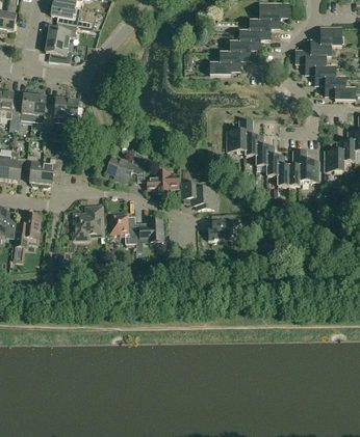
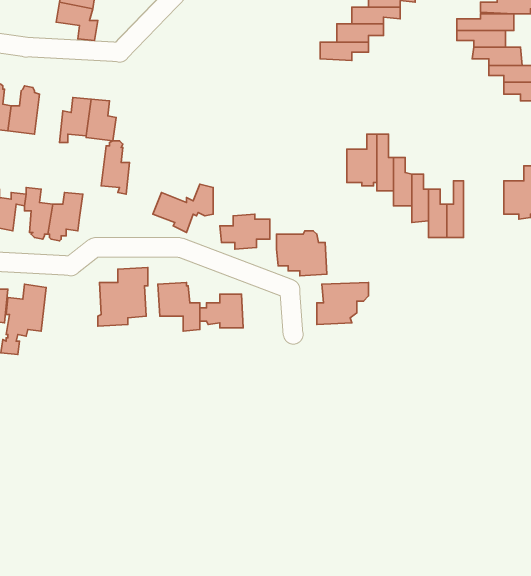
building: [32,92,50,126] -> [101,141,130,194]
building: [300,149,318,183] -> none

